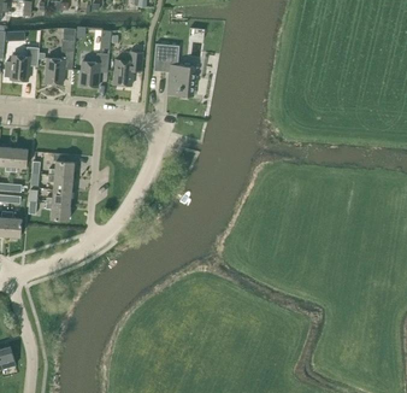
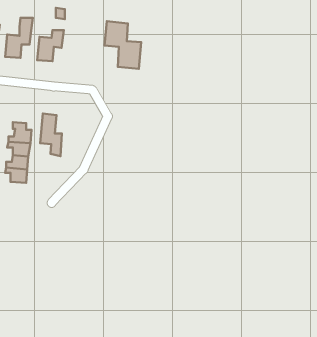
building: [113,51,142,84] -> none
building: none -> [40,114,62,156]

